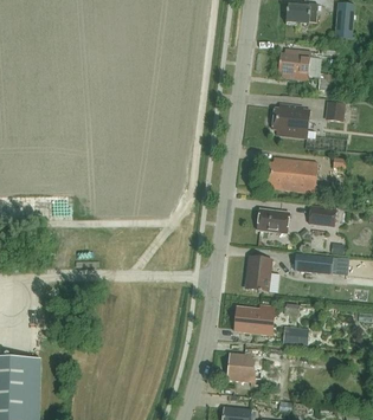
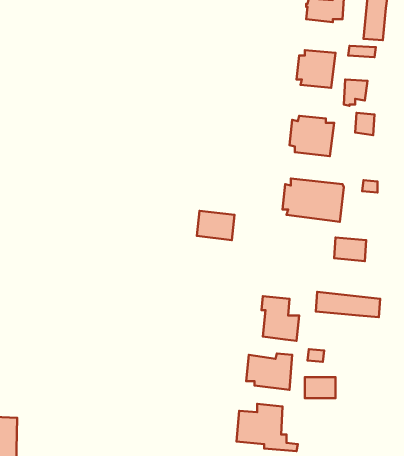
building: [257,208,289,233] -> [197,211,235,240]

